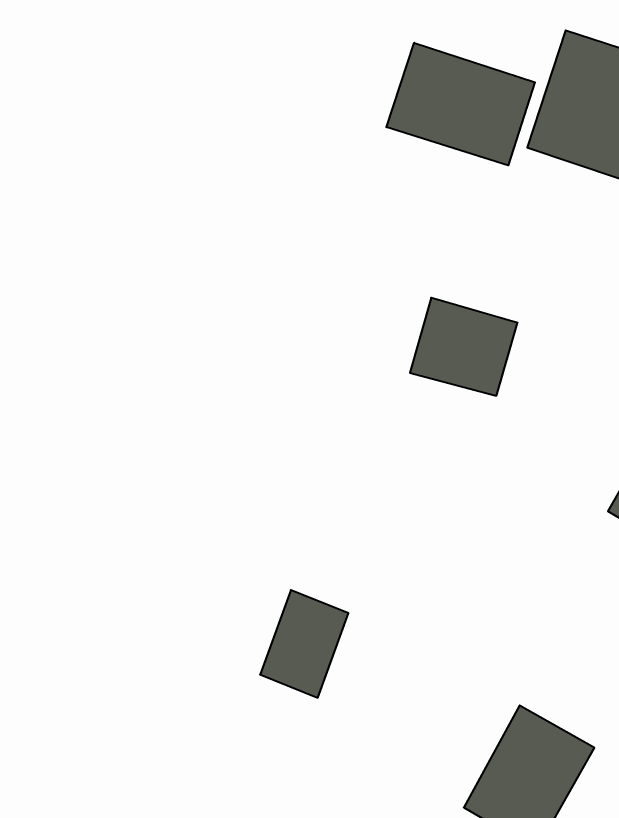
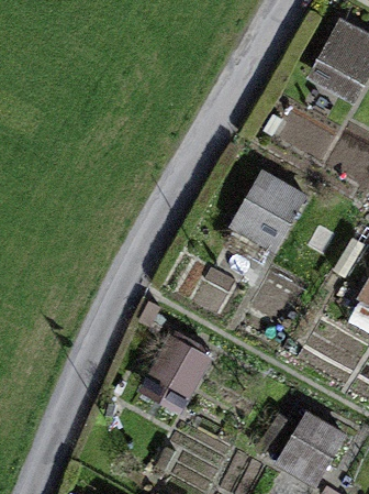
building: [386,43,535,165] -> none

